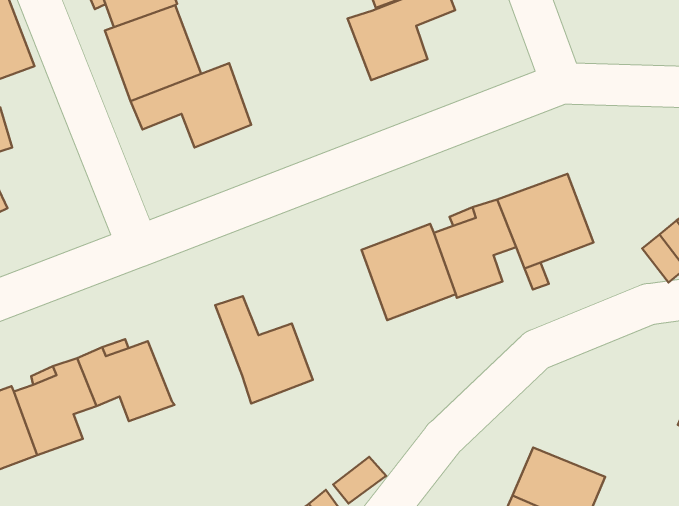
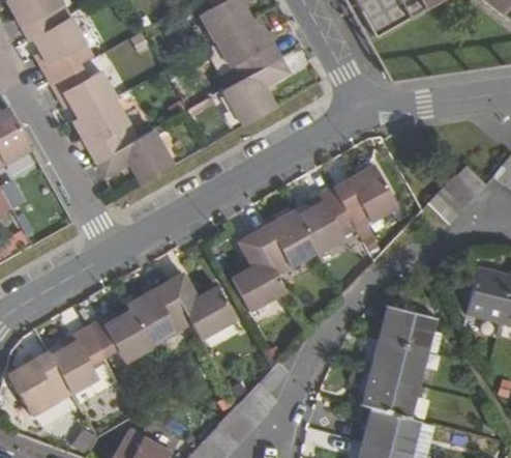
building: none -> [231,232,285,310]
building: none -> [127,281,190,345]
building: none -> [380,305,435,350]

